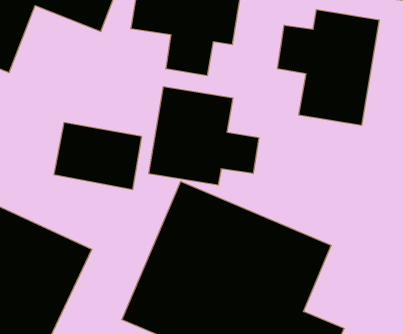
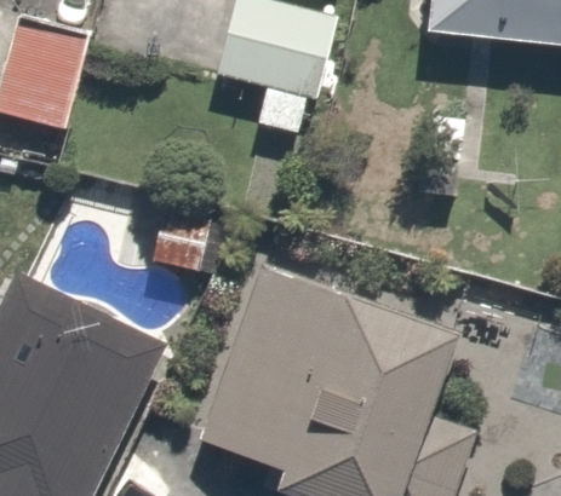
building: [277,10,379,125] -> none
building: [149,87,259,185] -> none

